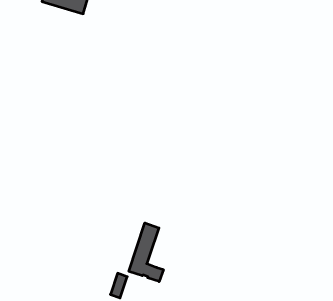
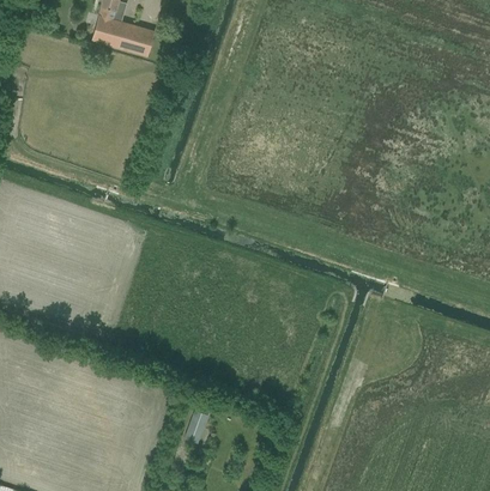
building: [129,223,163,282] -> none

